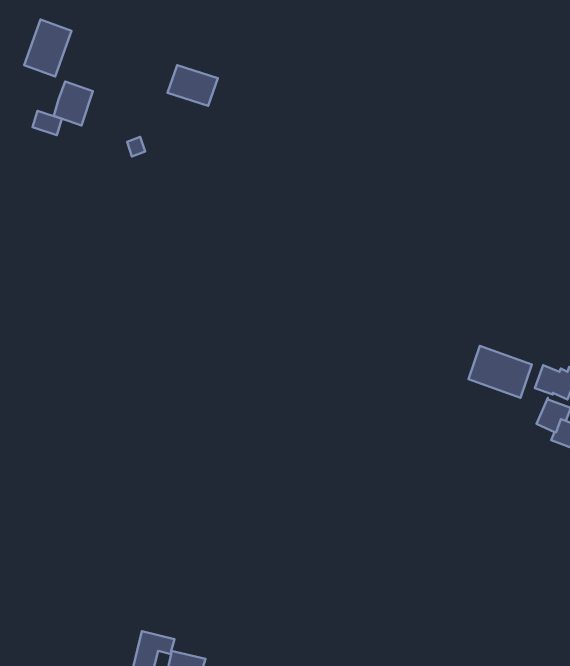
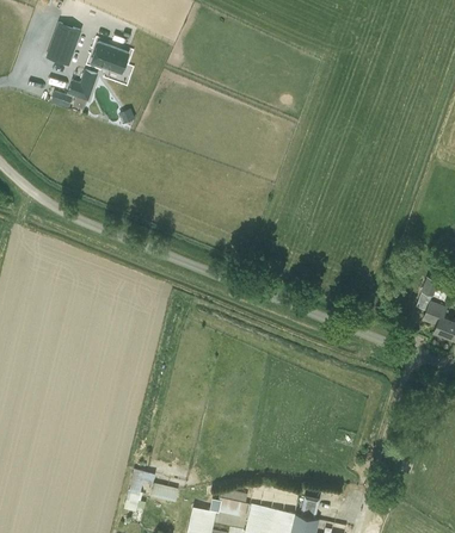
building: [167,65,218,106] -> [91,43,128,73]
building: [468,346,532,398] -> none

